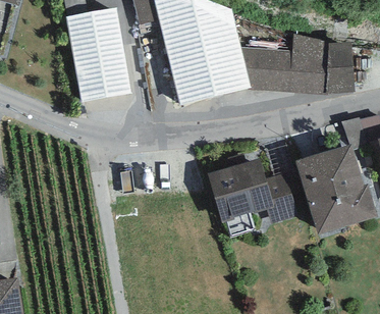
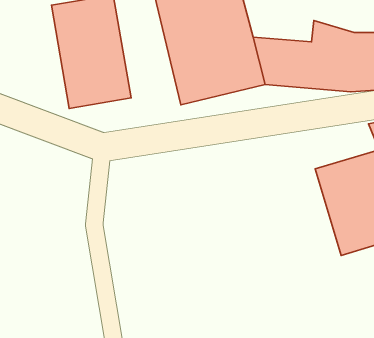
building: [207,157,304,223] -> none

